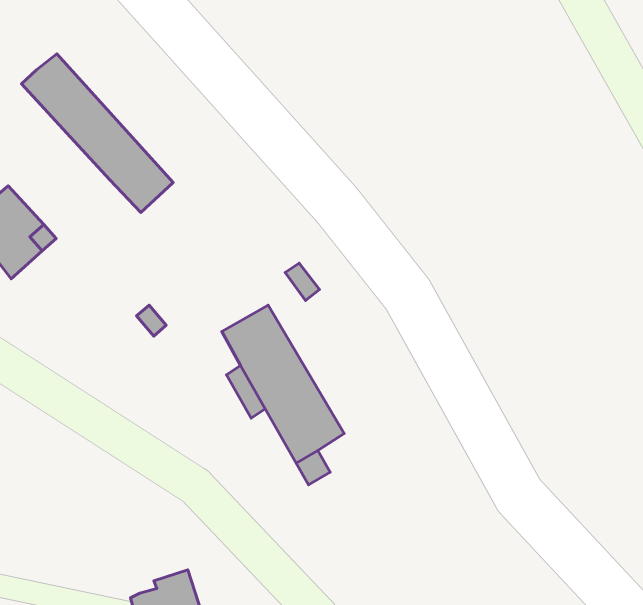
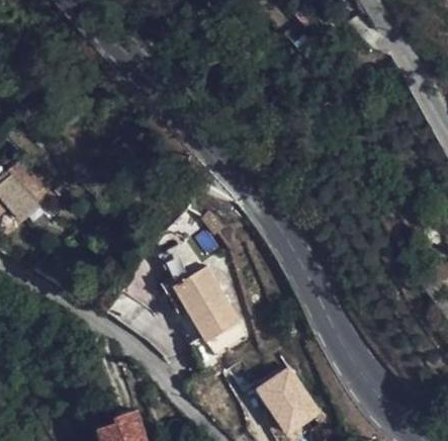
building: [21,54,173,213] -> none
building: none -> [260,363,319,427]

